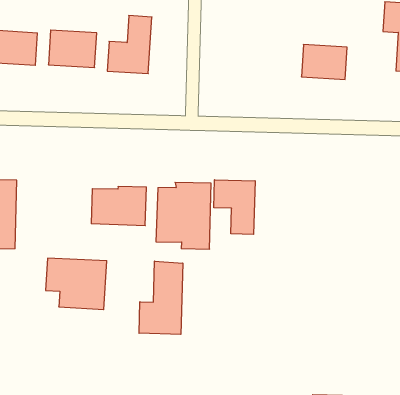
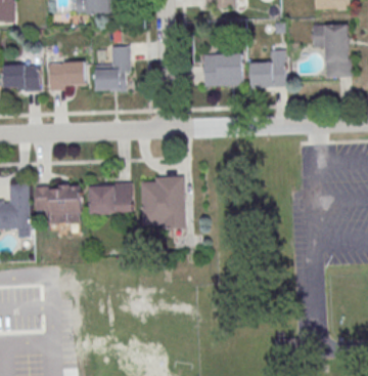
building: none -> [203,53,242,84]
building: [214,180,255,234] -> none
building: [46,258,107,310] -> [35,184,82,223]
building: [139,261,183,334] -> none

